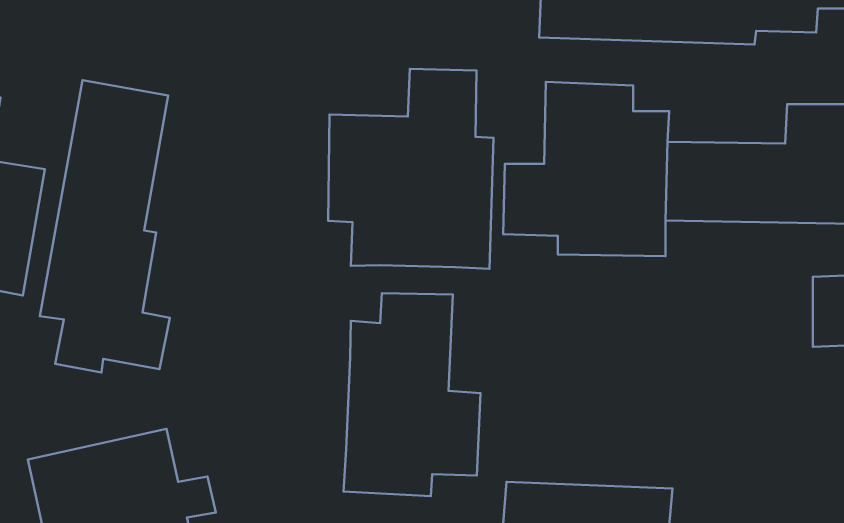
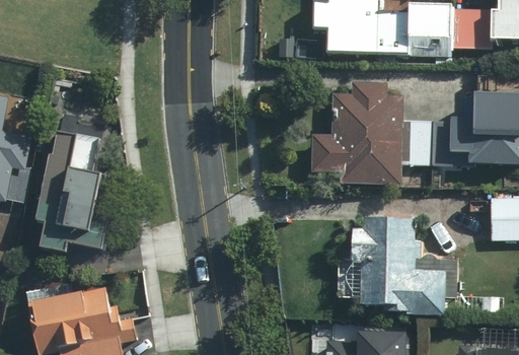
building: [328,69,493,269] -> none
building: [344,293,480,496] -> none
building: none -> [339,214,460,315]

